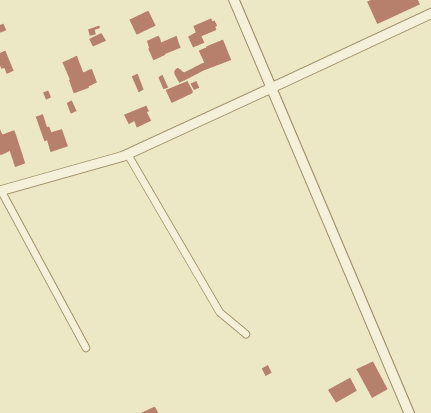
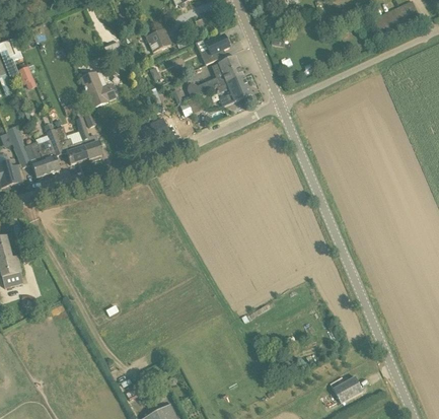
building: [146,35,182,61] -> none
building: none -> [216,75,250,106]
building: none -> [74,116,101,159]
building: none -> [36,123,63,173]
building: [355,360,388,399] -> none

